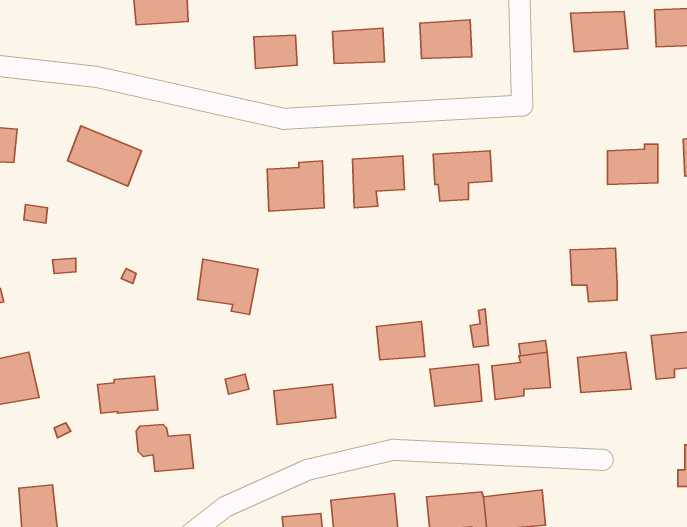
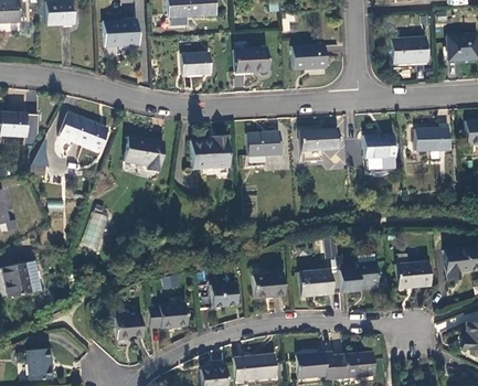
building: [570,248,617,302] -> [363,135,394,170]
building: [198,259,258,315] -> [125,136,164,172]
building: [376,321,425,360] -> [252,272,284,298]
building: [97,376,158,413] -> [148,303,188,328]

